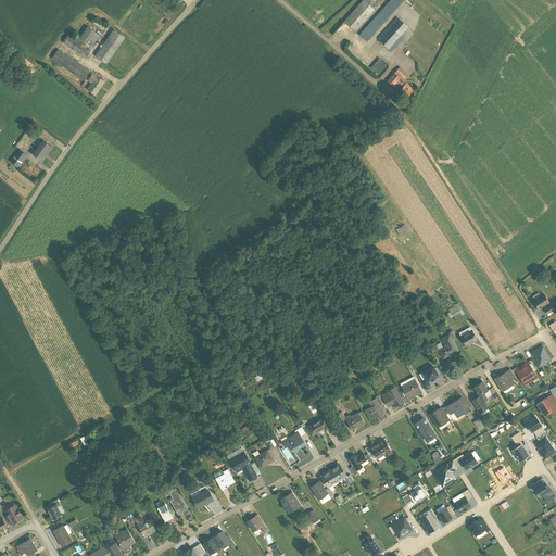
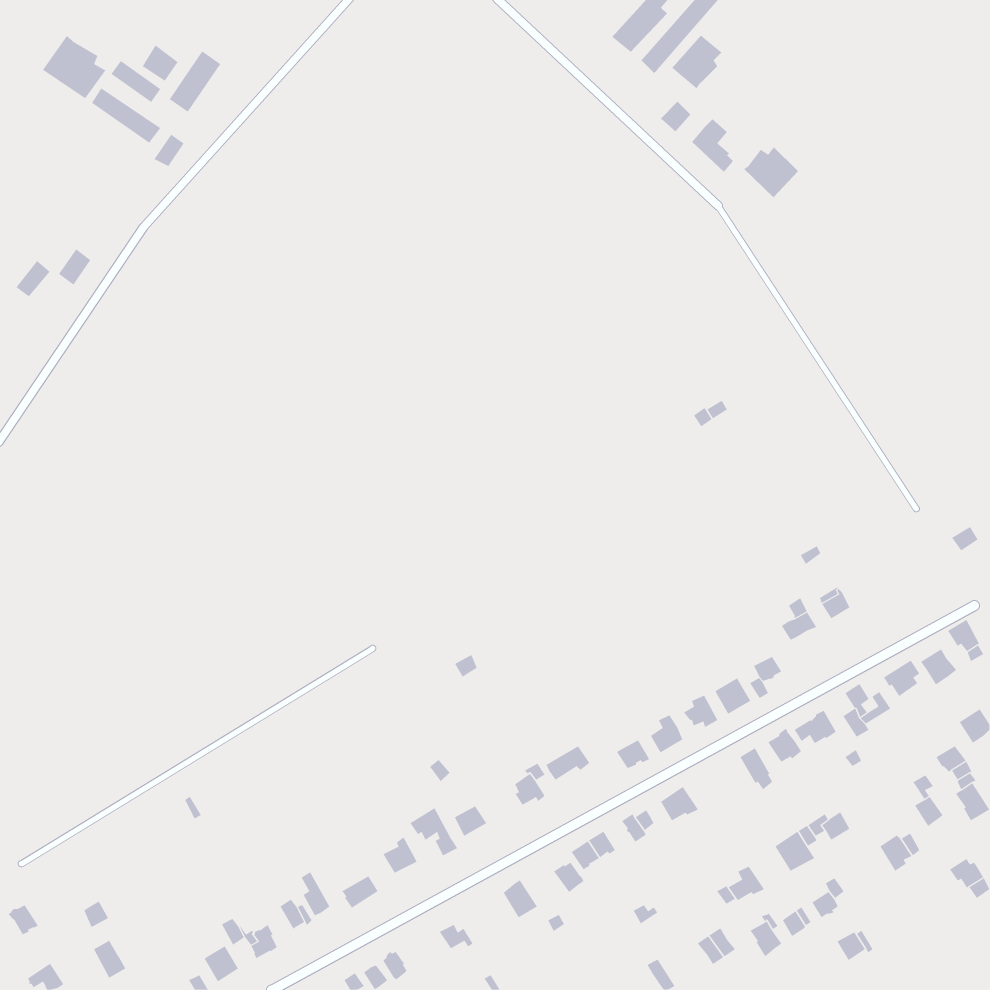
building: none -> [42,35,106,99]
building: none -> [743,146,799,198]

